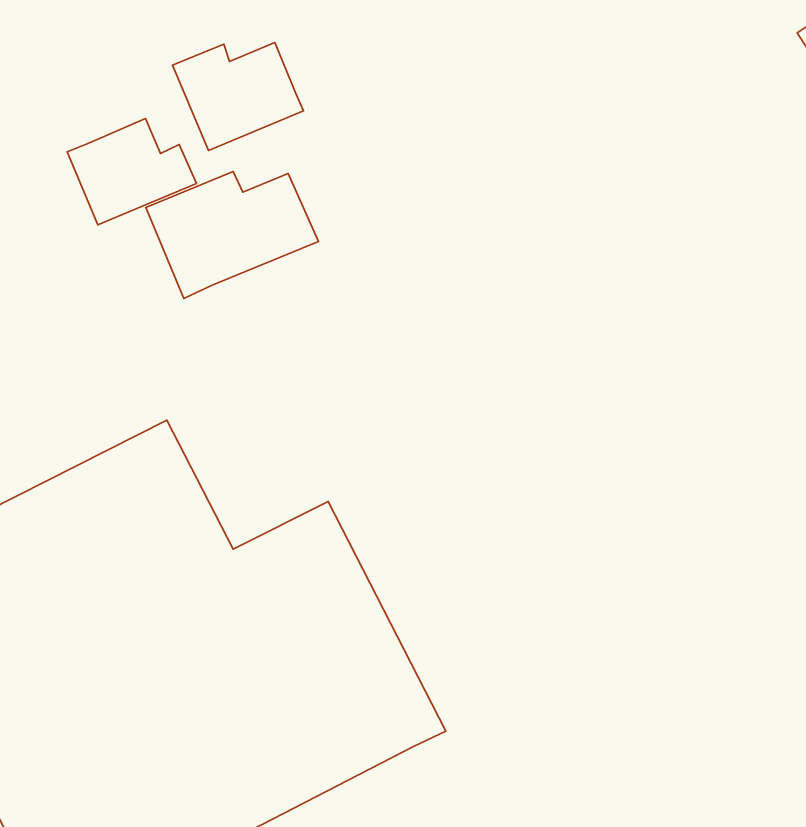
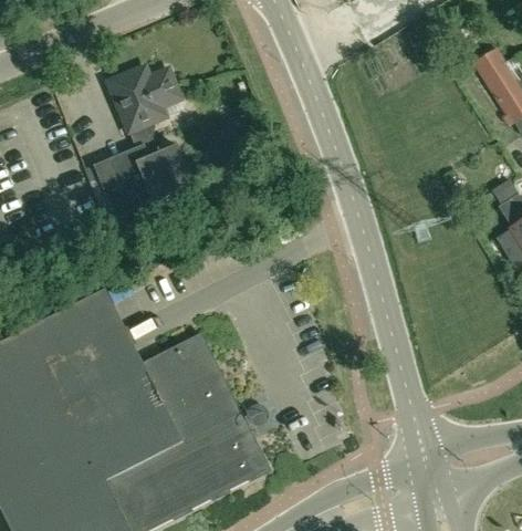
building: [67,119,196,225] -> none

